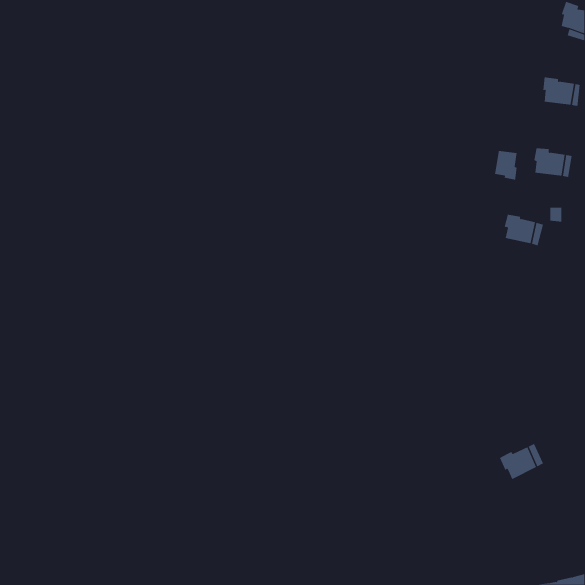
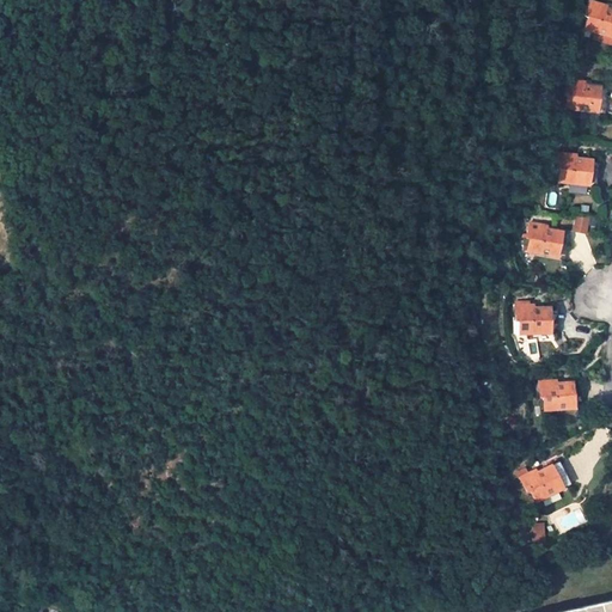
building: [495,150,517,180] -> none
building: none -> [516,306,556,331]
building: none -> [539,381,573,409]

